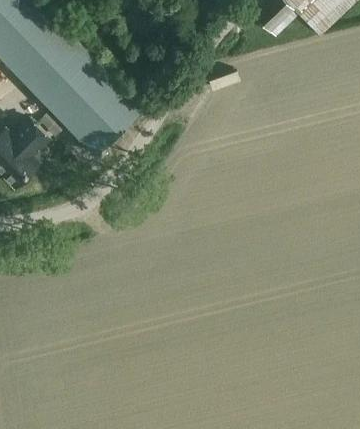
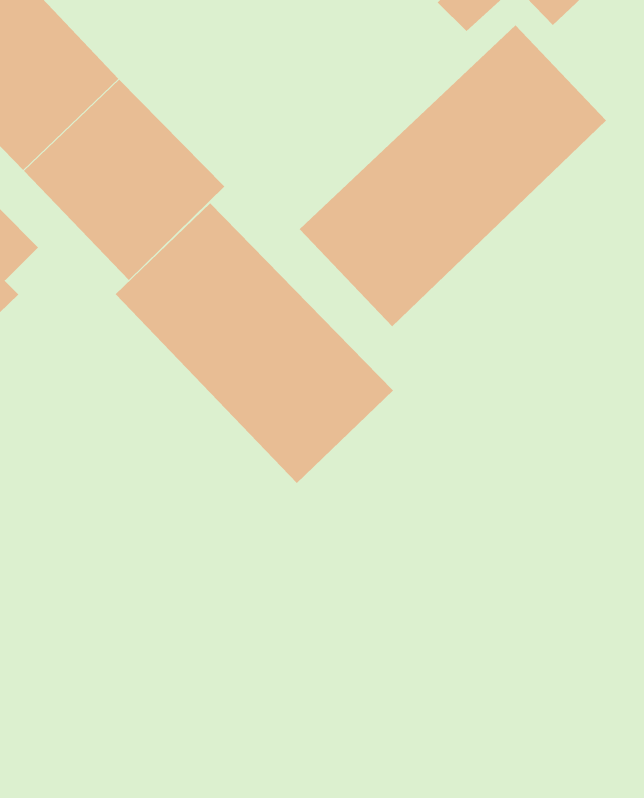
building: none -> [299,24,607,327]
building: none -> [115,203,394,484]

